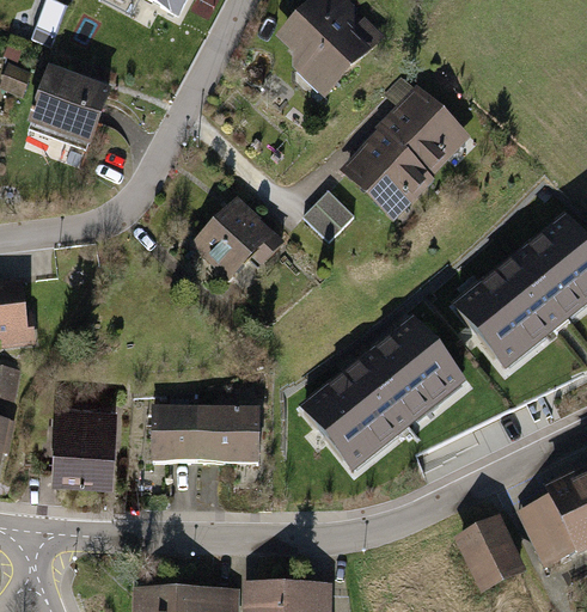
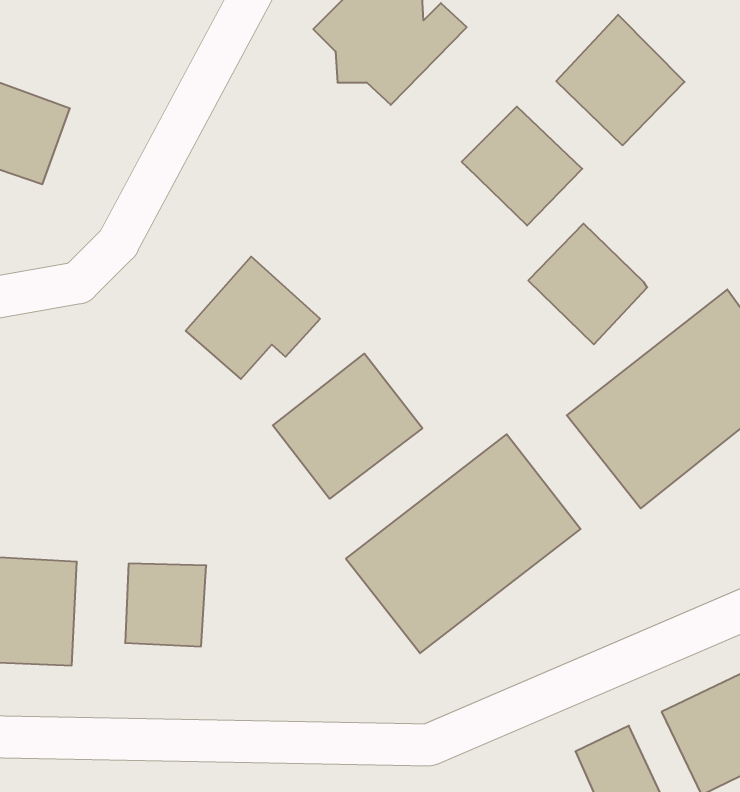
building: none -> [556,15,685,145]
building: [347,131,429,215] -> [528,224,647,344]
building: [301,188,354,240] -> none
building: none -> [273,354,422,499]
building: [201,405,262,464] -> none

